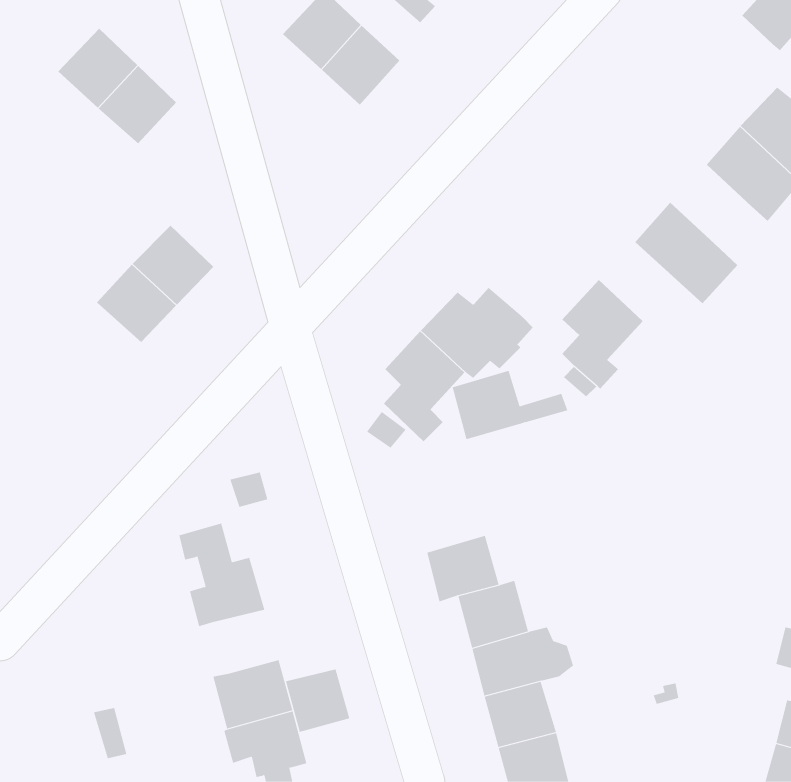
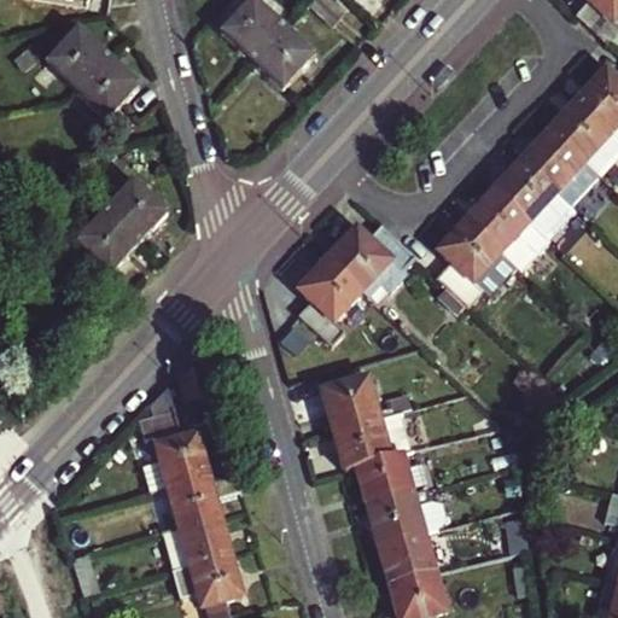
building: none -> [523,128,585,190]
building: none -> [467,188,548,268]
building: [452,370,568,440] -> [322,375,413,430]
building: [285,669,350,732] -> [168,474,218,524]

